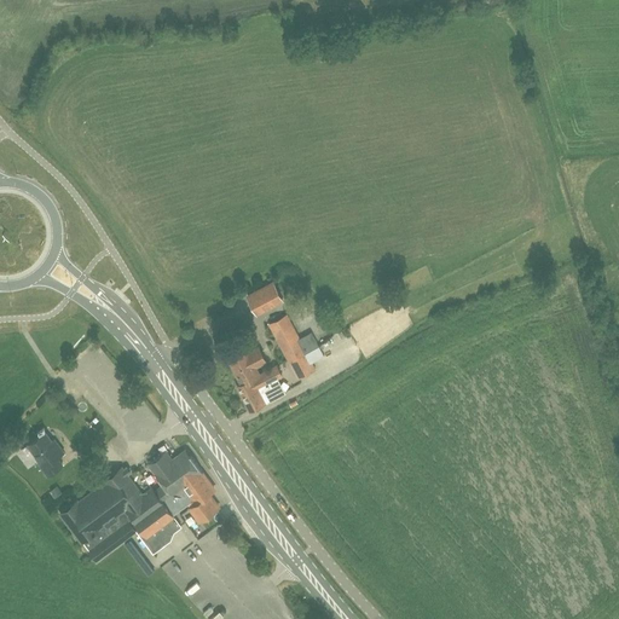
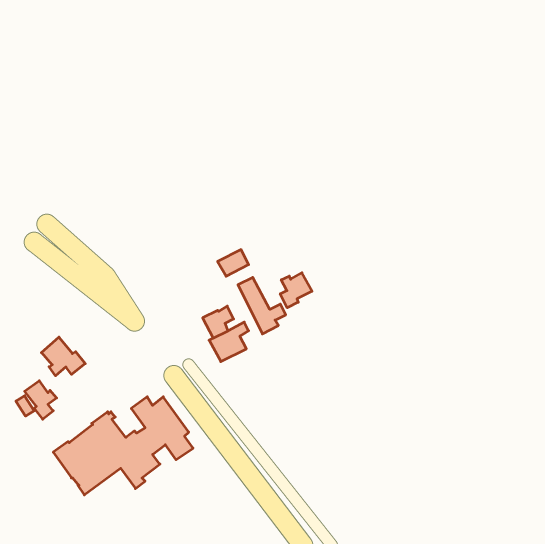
building: none -> [280,273,312,308]
building: none -> [41,337,85,376]

